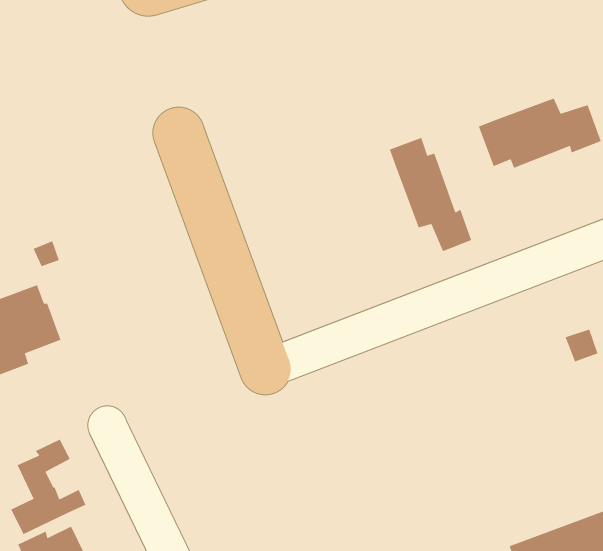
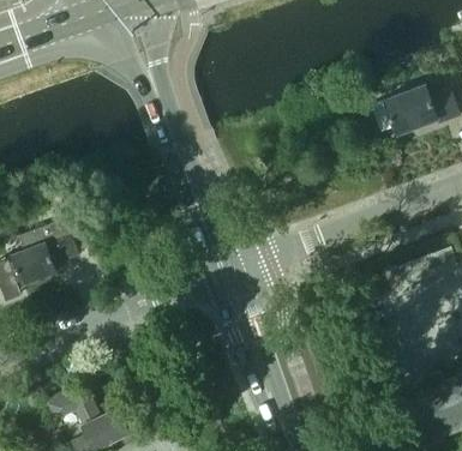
building: [389,137,472,252] -> none
building: [10,439,86,535] -> none

